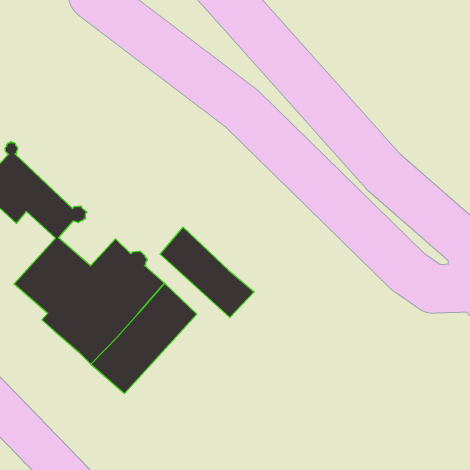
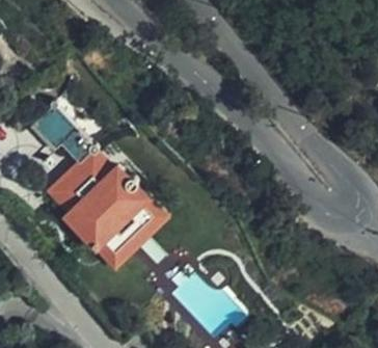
building: [160,227,254,318] -> none

